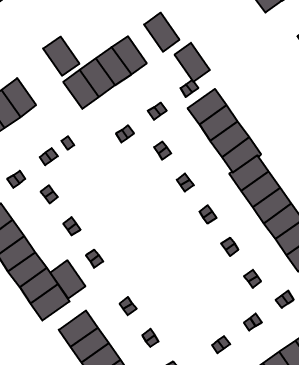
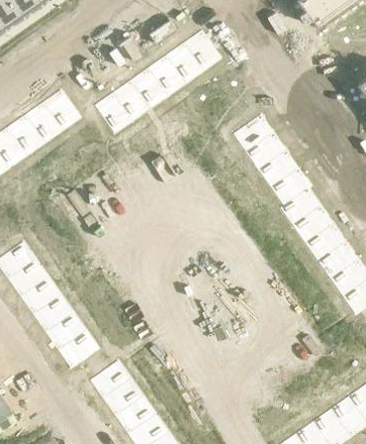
building: [43,37,79,76] -> [41,87,82,130]
building: [175,43,210,82] -> [165,40,204,84]
building: [50,260,85,299] -> none

